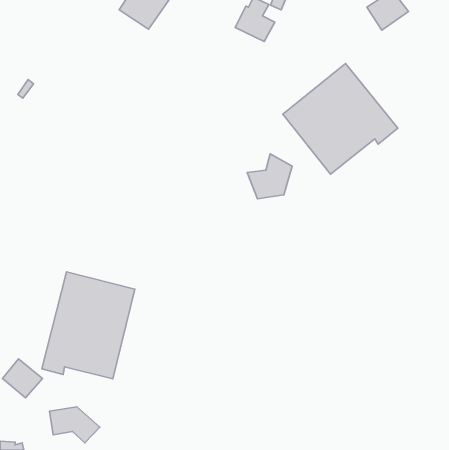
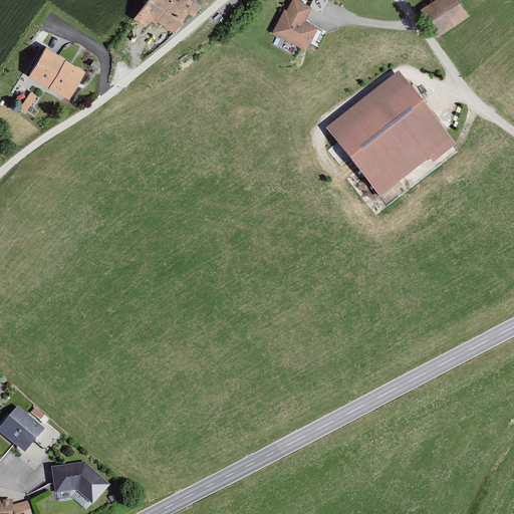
building: none -> [28,45,84,96]
building: [247,154,292,199] -> none
building: [42,272,135,379] -> none

